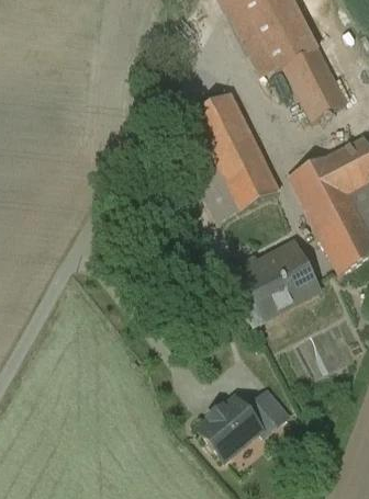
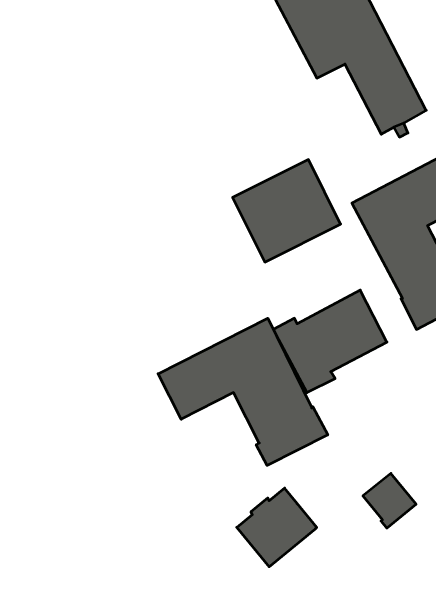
building: [171,93,255,170] -> none
building: none -> [158,318,328,465]
building: [246,392,288,434] -> [363,473,416,528]

